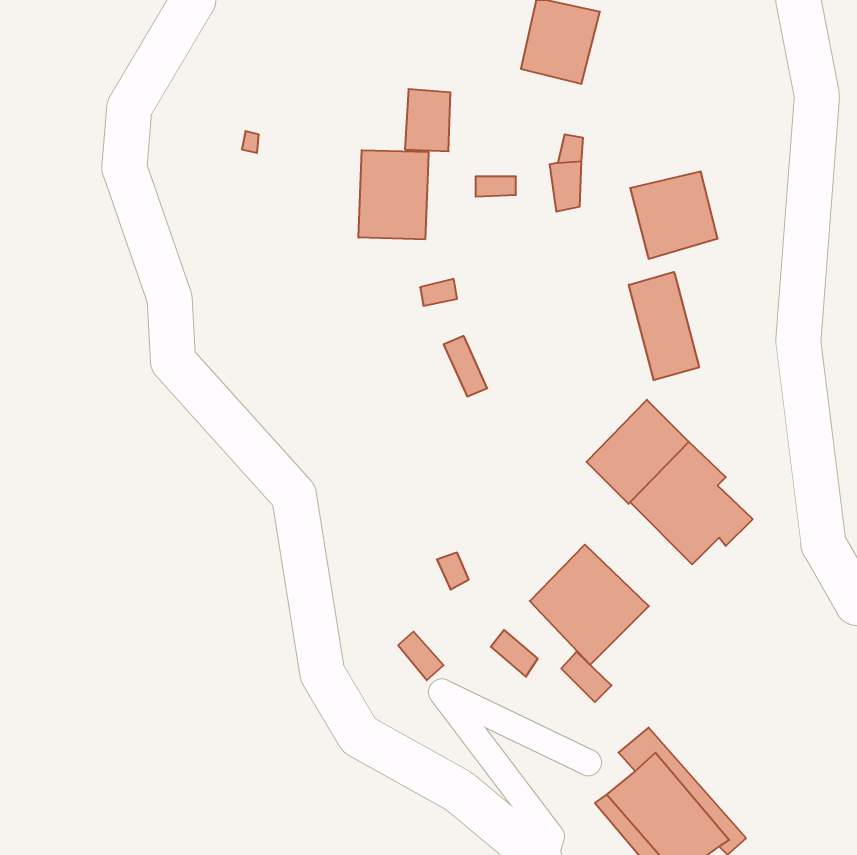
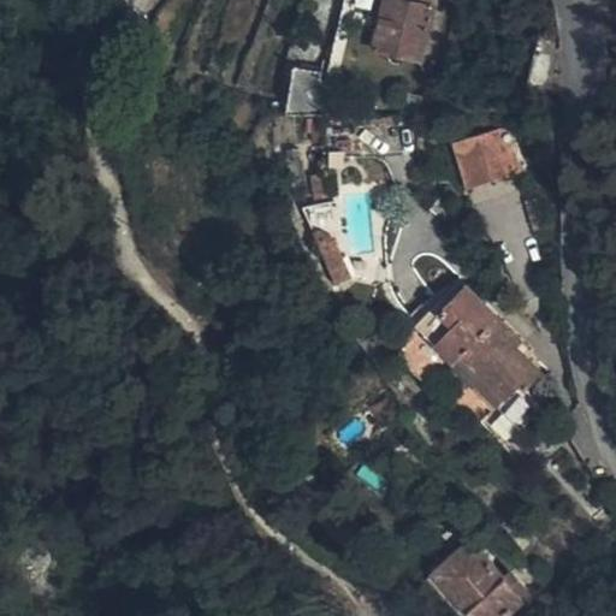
building: [358,150,428,239] -> none
building: [629,272,699,380] -> none
building: [530,545,649,665] -> none

